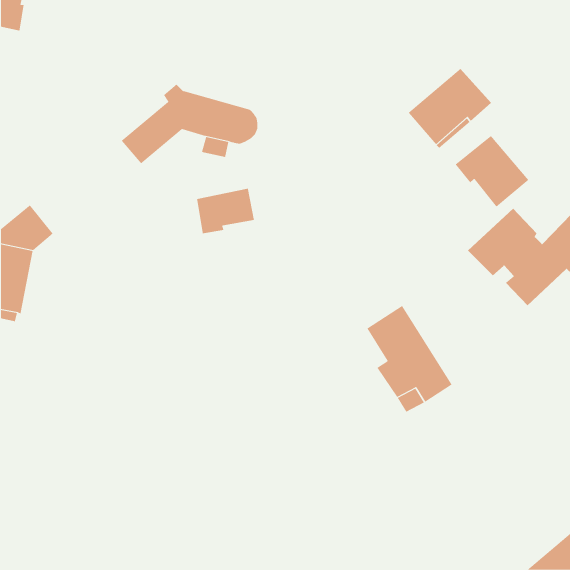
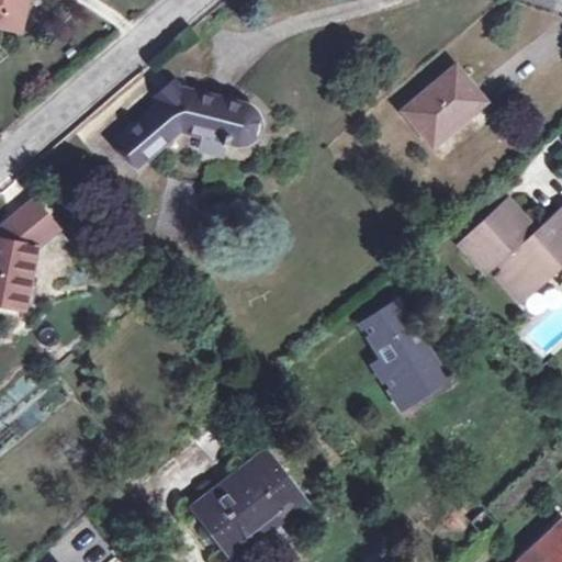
building: [455,135,529,207] -> none
building: [196,188,255,234] -> none
building: none -> [194,453,300,554]

